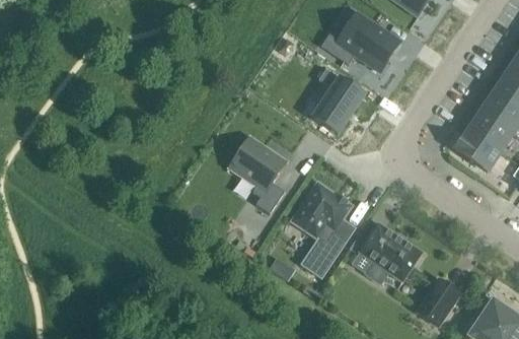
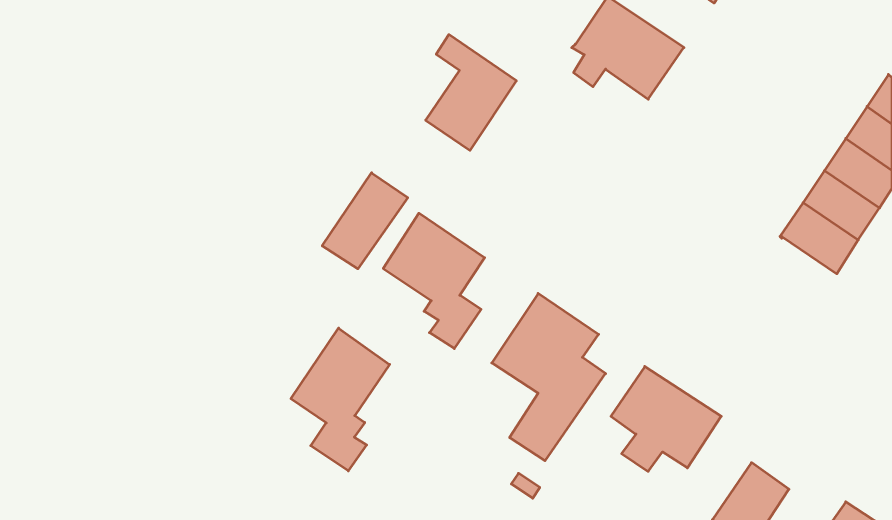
building: [311,68,363,134] -> [426,35,516,150]
building: none -> [322,173,408,269]
building: none -> [291,328,390,471]

